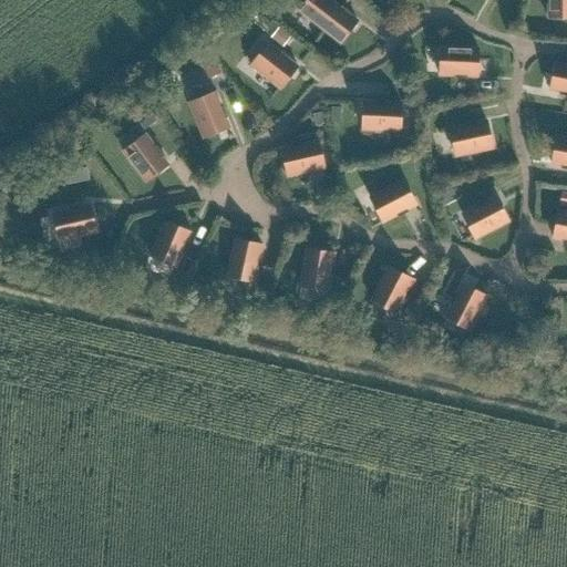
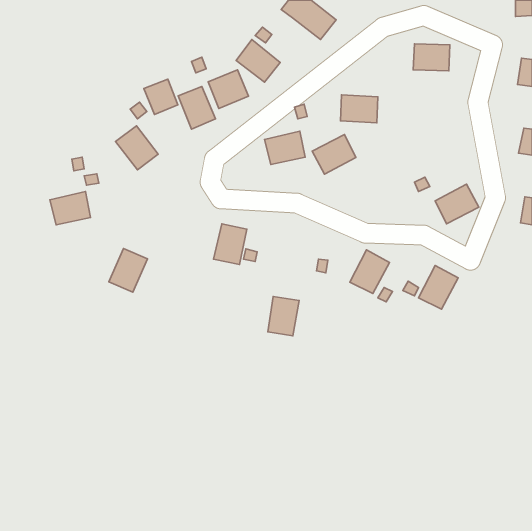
building: none -> [208,70,248,108]
building: none -> [144,79,178,115]
building: [450,121,493,156] -> none
building: [370,181,416,223] -> [312,134,356,174]
building: [151,221,192,268] -> [109,249,147,292]
building: [301,249,334,291] -> [268,296,299,336]

